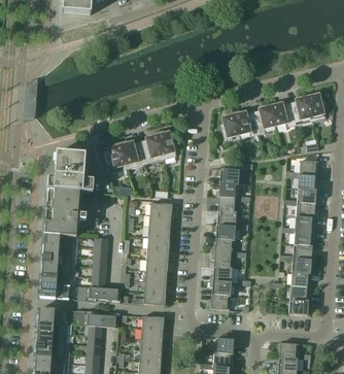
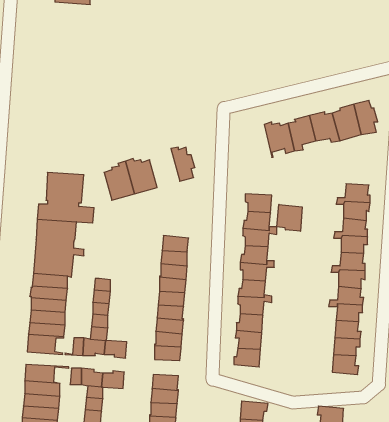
building: [221,111,240,141] -> none
building: [140,131,165,163] -> none
building: none -> [277,204,302,231]

